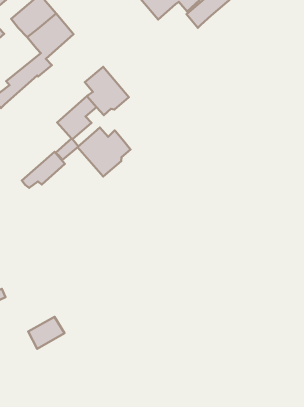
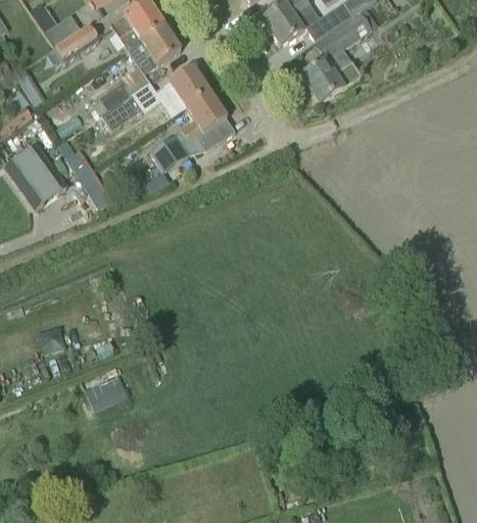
building: none -> [301,48,361,103]
building: none -> [156,66,210,107]
building: [78,127,131,177] -> none
building: [22,152,65,188] -> [91,93,143,131]

